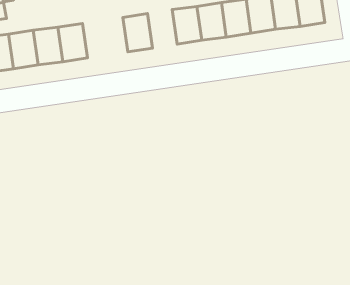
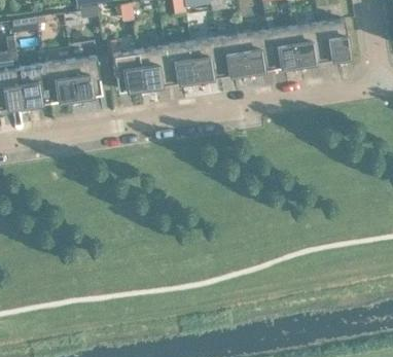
building: none -> [166,45,196,85]
building: none -> [114,53,145,93]

